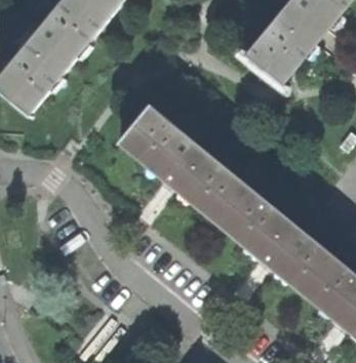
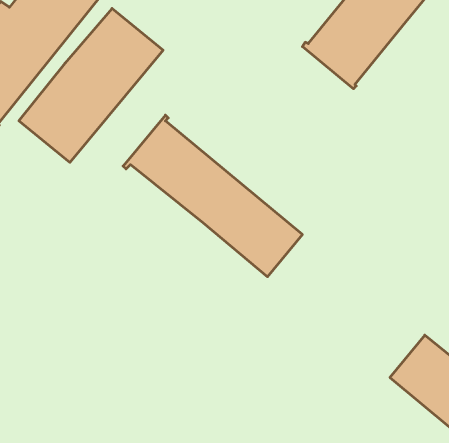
building: none -> [19,8,163,162]
building: [221,190,331,290] -> none

